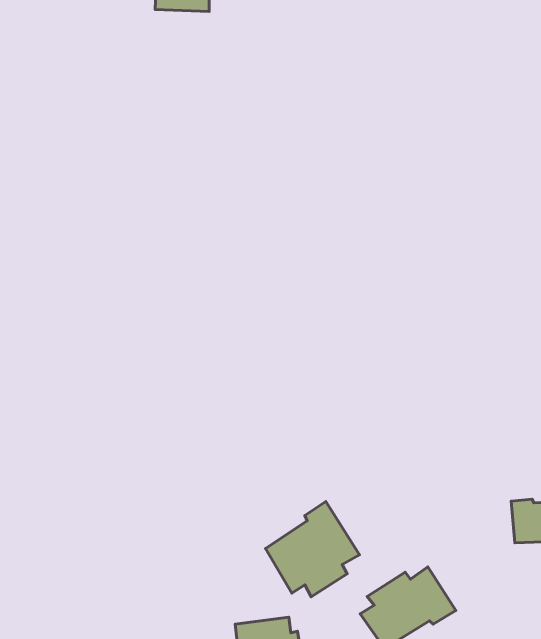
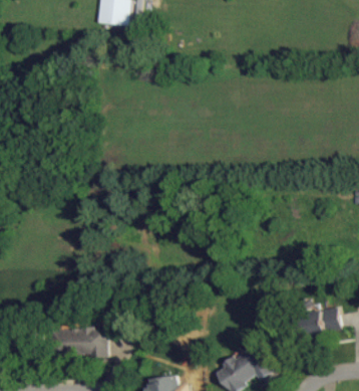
building: [266,502,360,597] -> none
building: none -> [55,329,107,355]

